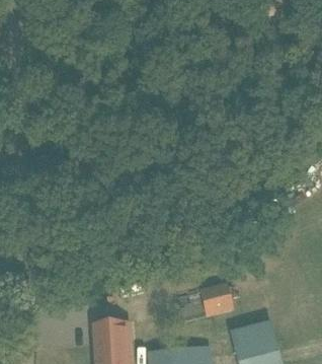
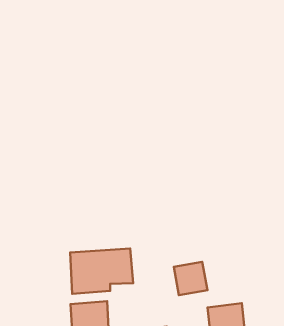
building: none -> [70,249,133,294]

